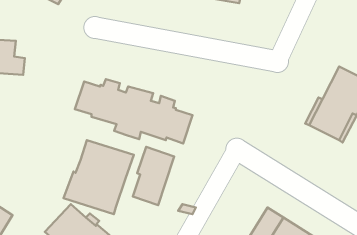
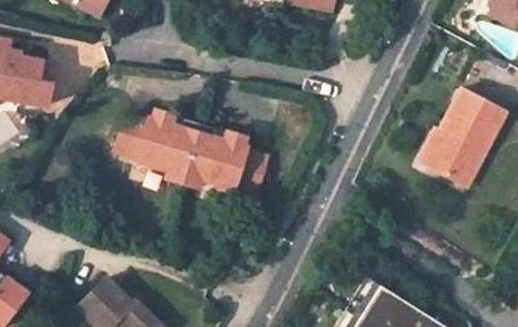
building: [64,140,134,214] -> none
building: [133,147,174,205] -> none

